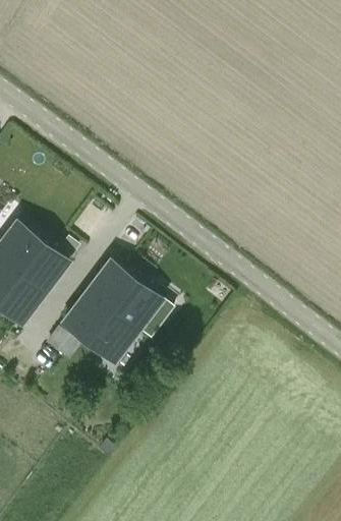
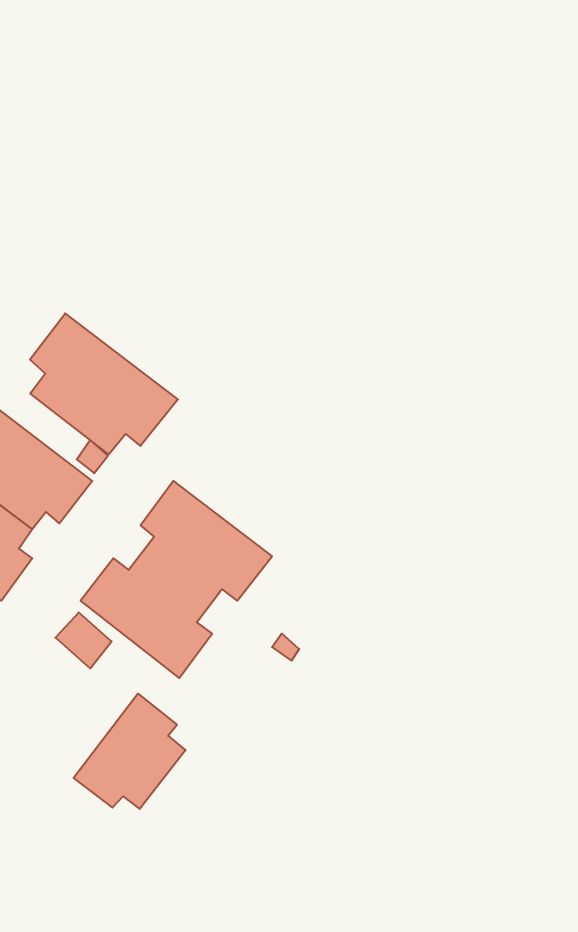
building: none -> [30,313,178,455]
building: none -> [74,694,186,809]

